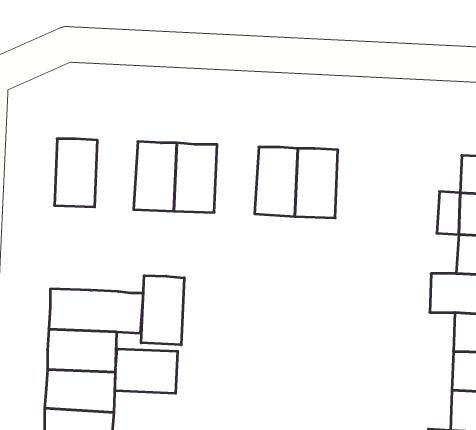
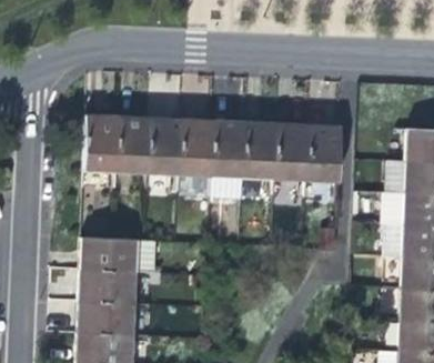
building: none -> [117,119,151,174]
building: none -> [212,122,248,178]
building: none -> [309,127,343,182]
building: [141,276,184,345] -> none
building: [115,349,178,393] -> none

